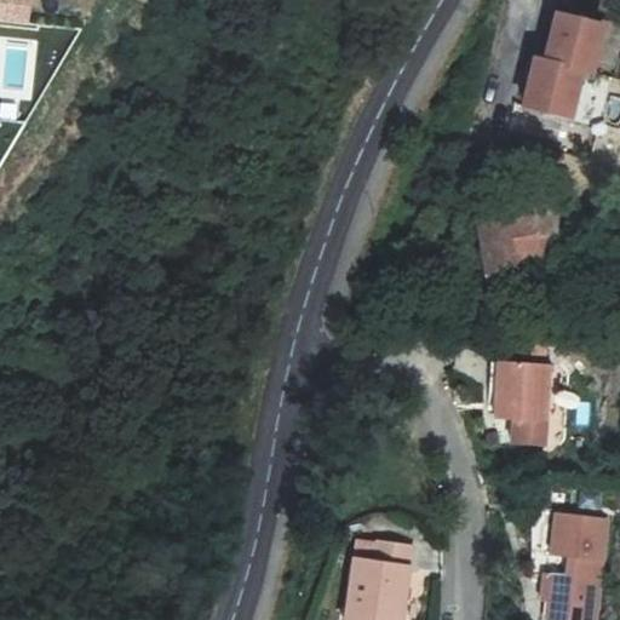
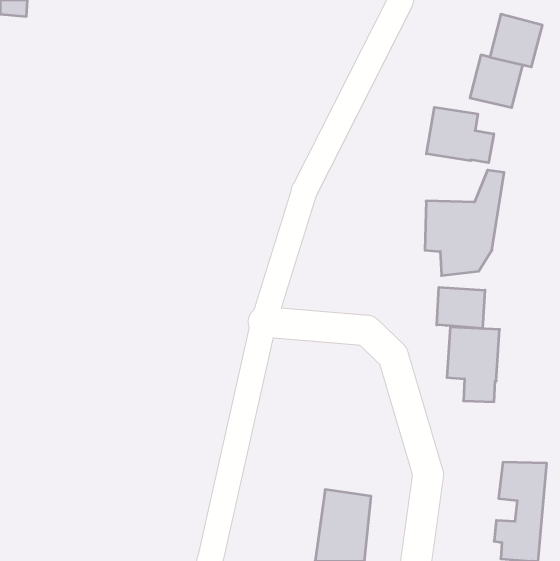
building: none -> [426,107,494,163]
building: none -> [437,287,485,329]

